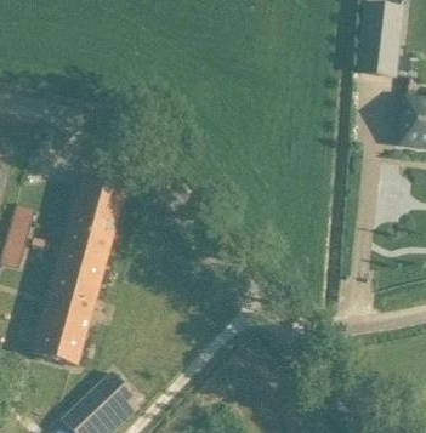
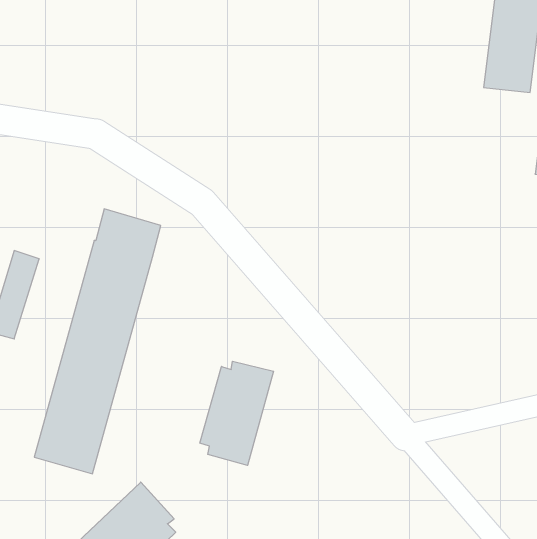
building: none -> [200,361,274,465]

